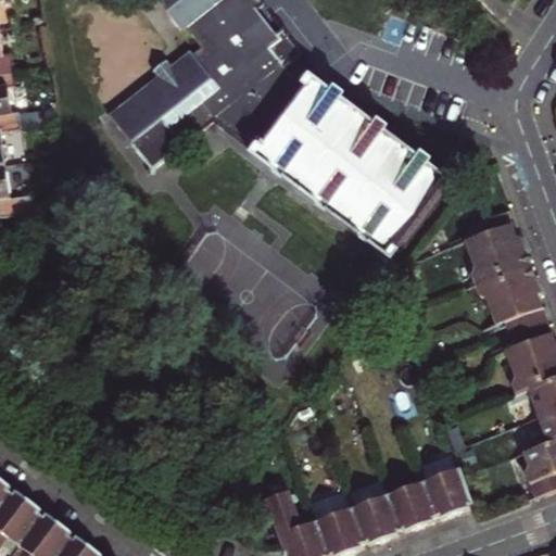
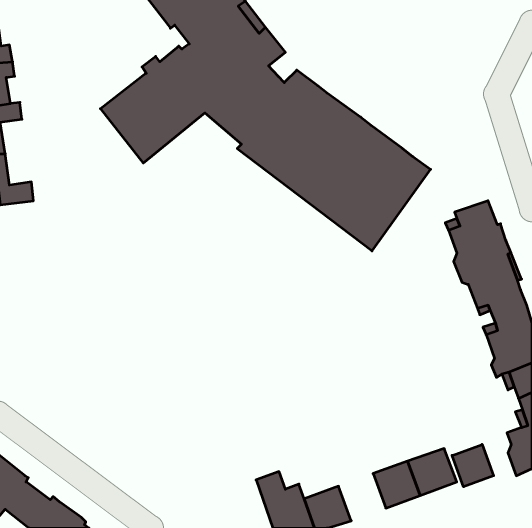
building: none -> [452,444,494,487]
building: [352,492,401,541] -> none

